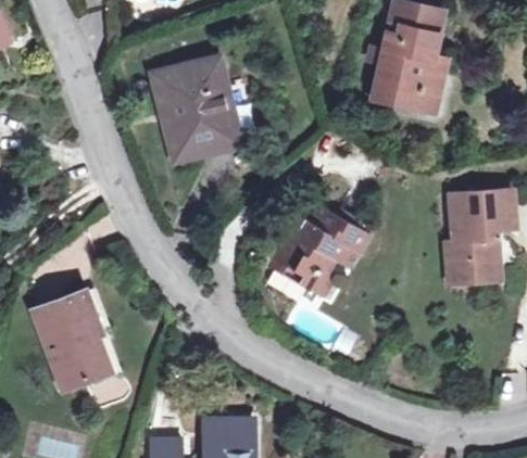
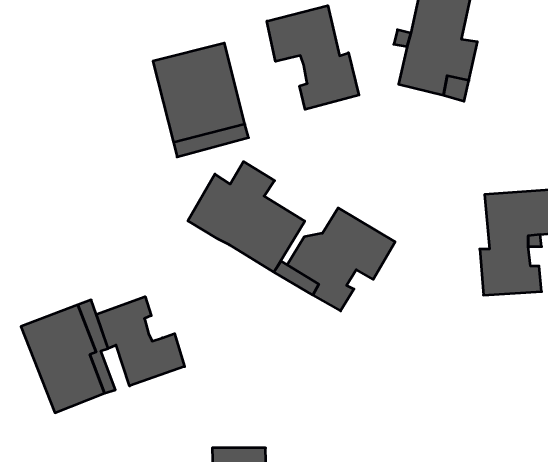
building: none -> [267,6,359,109]
building: none -> [188,162,305,272]
building: none -> [96,297,185,386]

